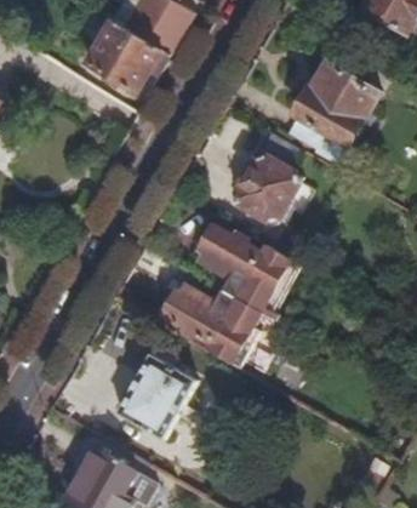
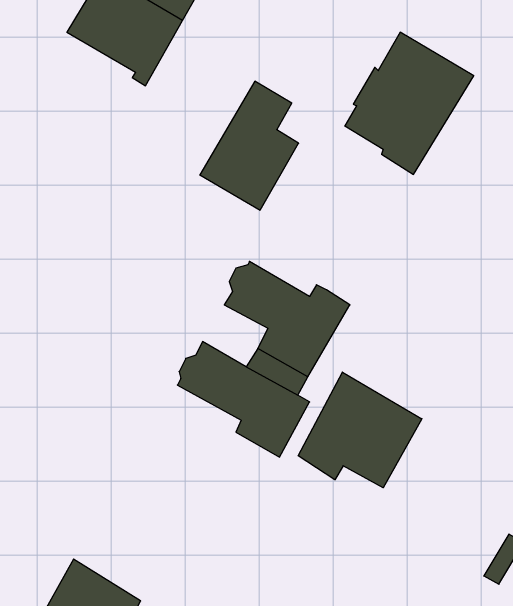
building: [232,132,303,226] -> [200,81,299,210]
building: none -> [298,372,422,488]
building: [118,355,195,439] -> none

